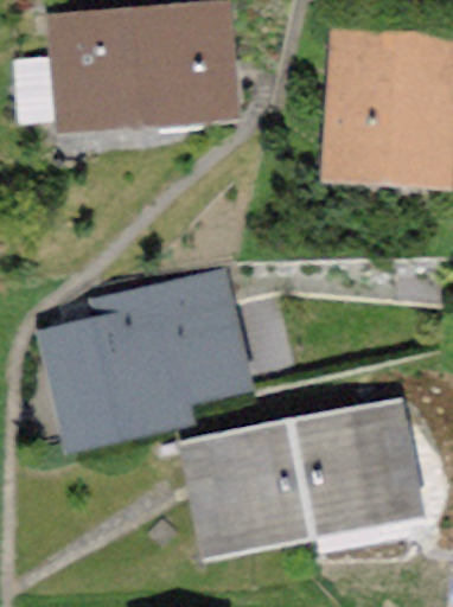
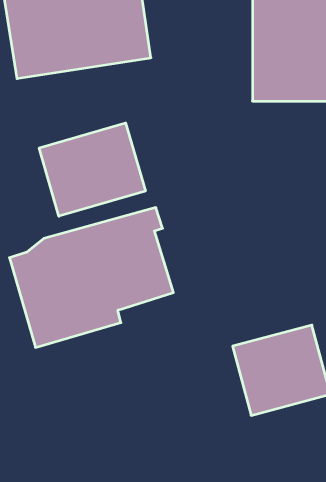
building: none -> [39,123,145,216]
building: [210,442,317,539] -> none

